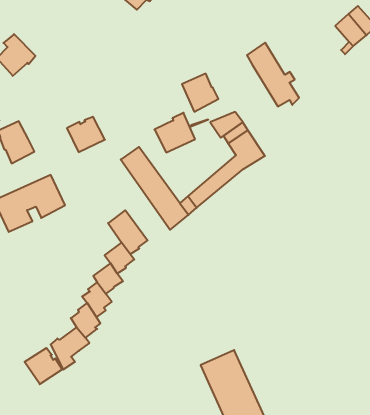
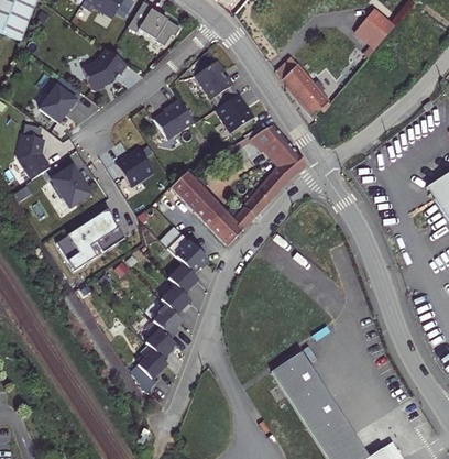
building: none -> [83,48,127,91]
building: none -> [195,61,232,98]
building: [154,113,195,152] -> [153,99,193,139]
building: [25,348,62,384] -> none

